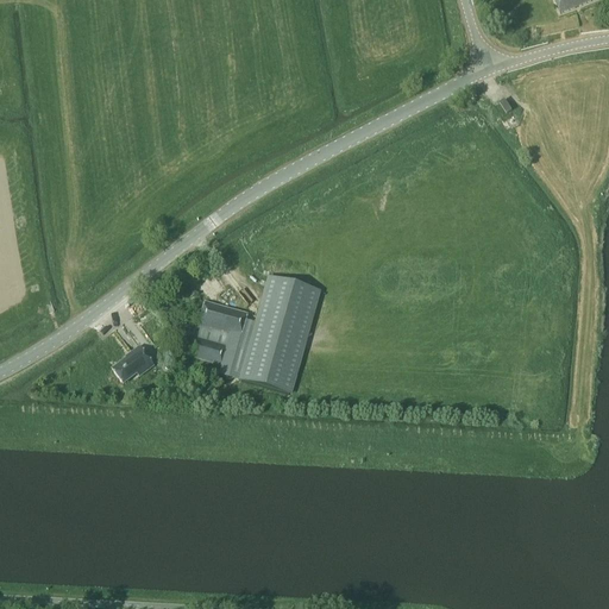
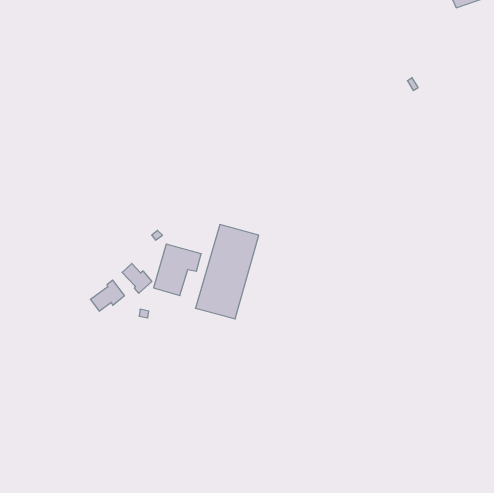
building: none -> [122,263,152,293]

